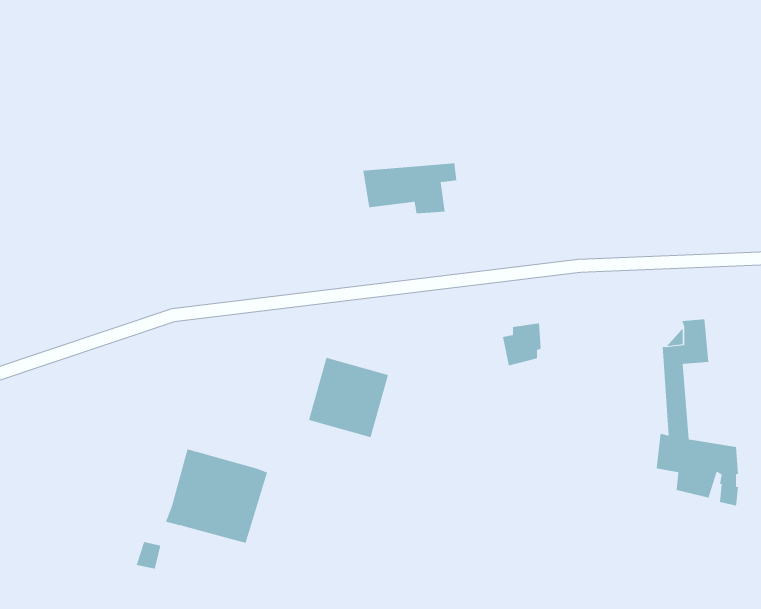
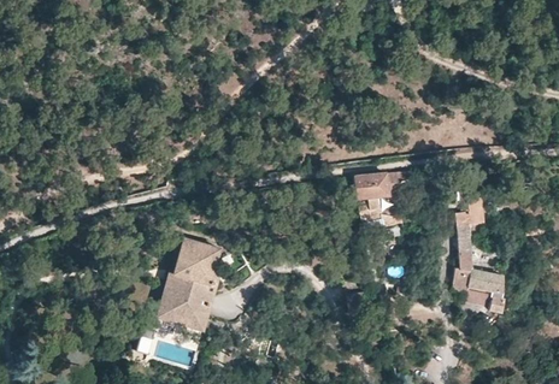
building: [363,163,457,214] -> [354,170,412,201]
building: [308,357,389,438] -> [171,238,220,288]

